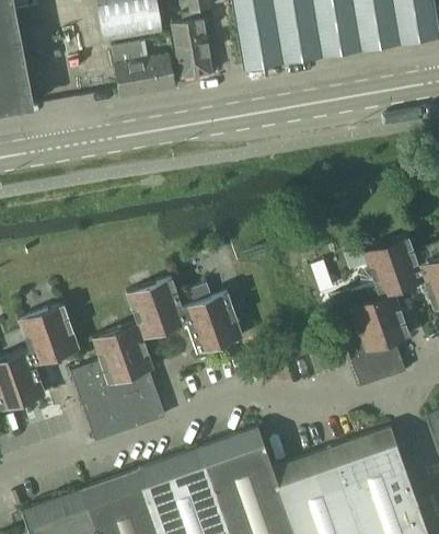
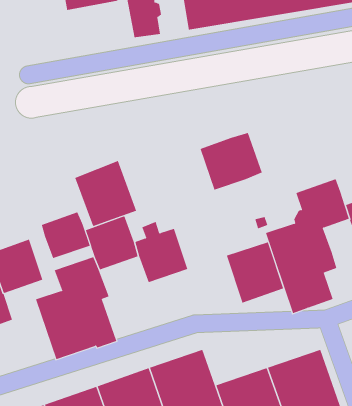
building: [112,40,175,97] -> none
building: none -> [200,132,262,191]
building: none -> [75,160,137,227]
building: none -> [41,212,90,259]
building: none -> [226,242,284,303]

